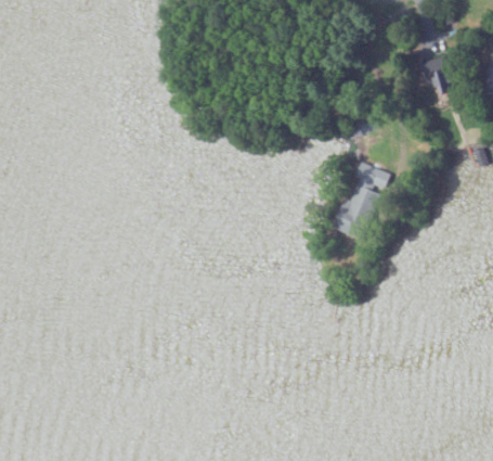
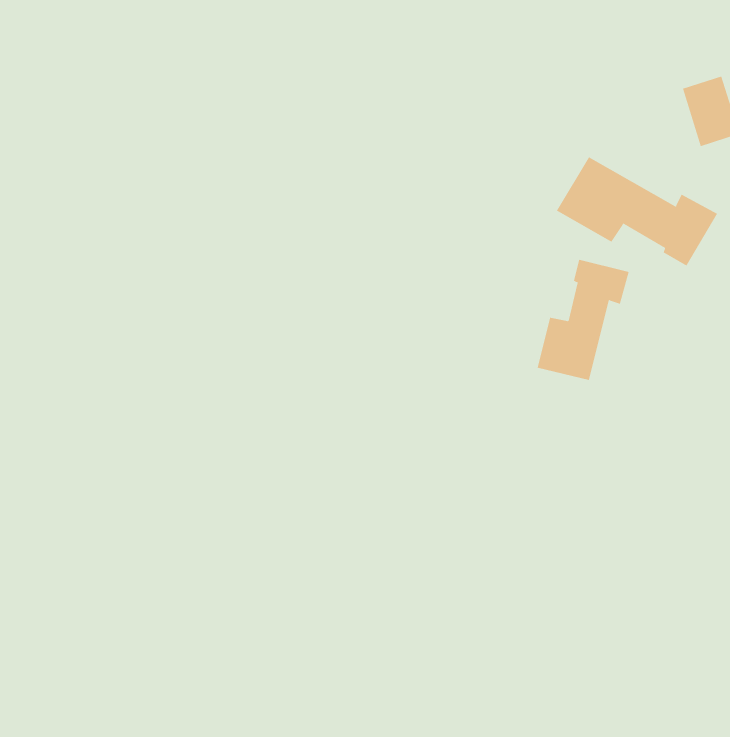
building: none -> [556,156,718,266]

